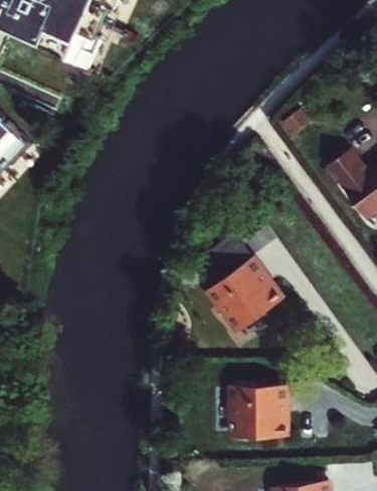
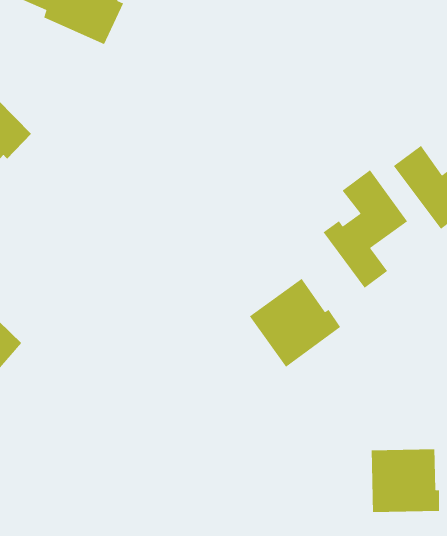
building: none -> [323,169,408,289]
building: [230,385,287,438] -> [371,449,440,513]

